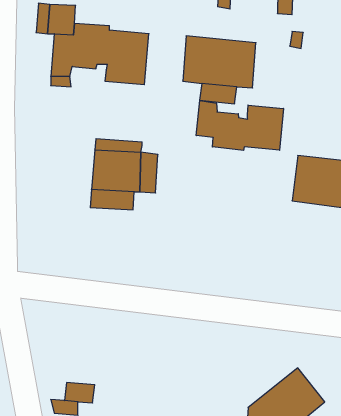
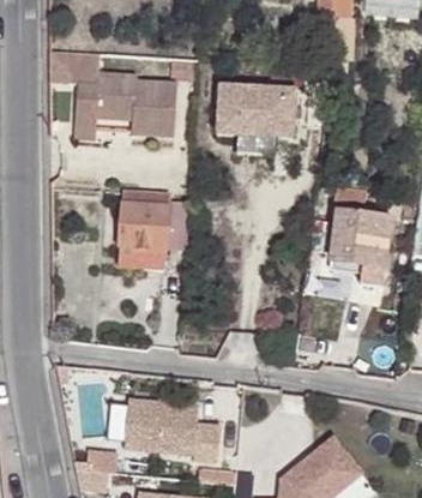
building: [196,100,283,150] -> none
building: none -> [126,401,218,467]

